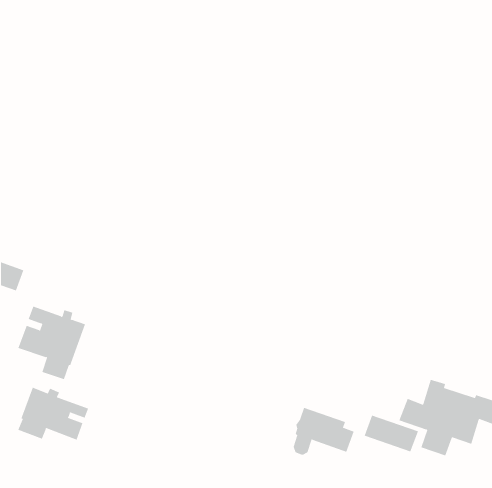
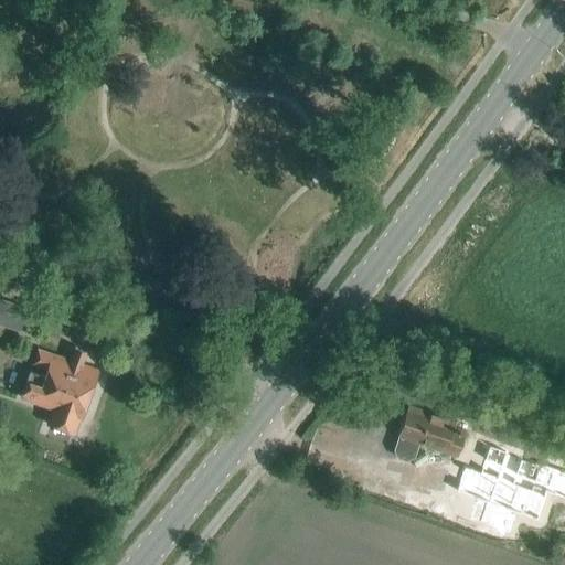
building: [18,387,89,440] -> none
building: [293,407,355,455] -> [396,412,467,467]

